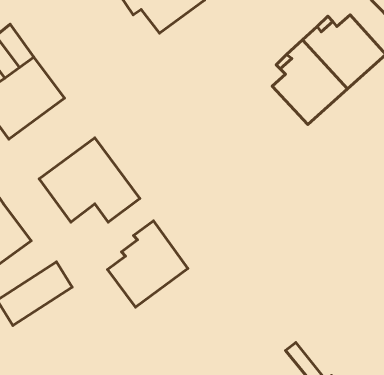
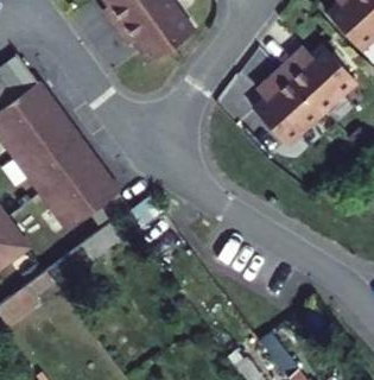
building: none -> [9,116,87,189]
building: [107,221,188,307] -> none

